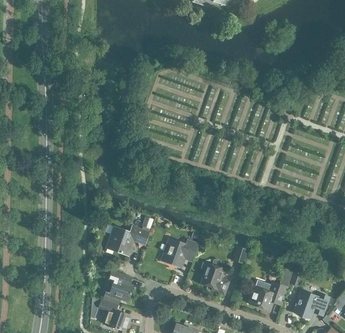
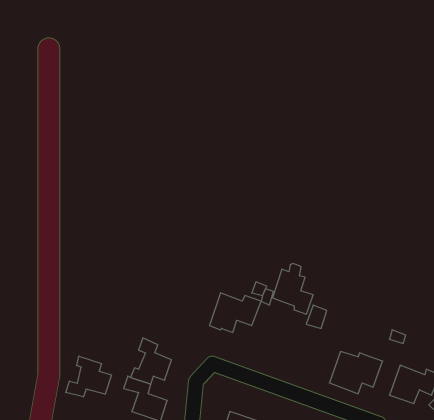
building: [107,225,150,255] -> none
building: [200,258,230,295] -> [272,264,313,314]
building: none -> [66,356,111,397]

